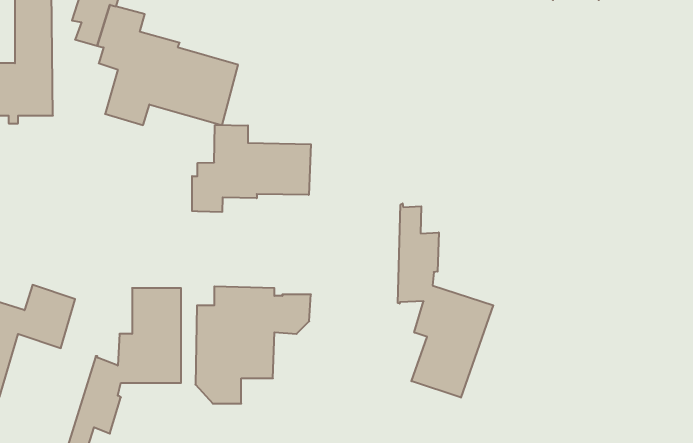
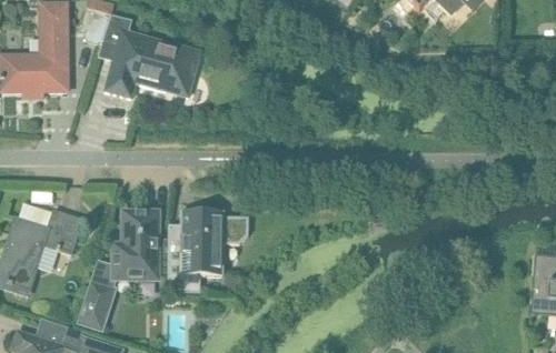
building: [192,125,311,212] -> none
building: [398,203,493,398] -> none

